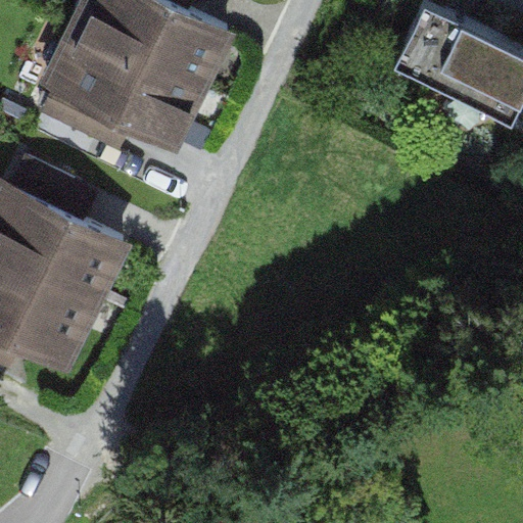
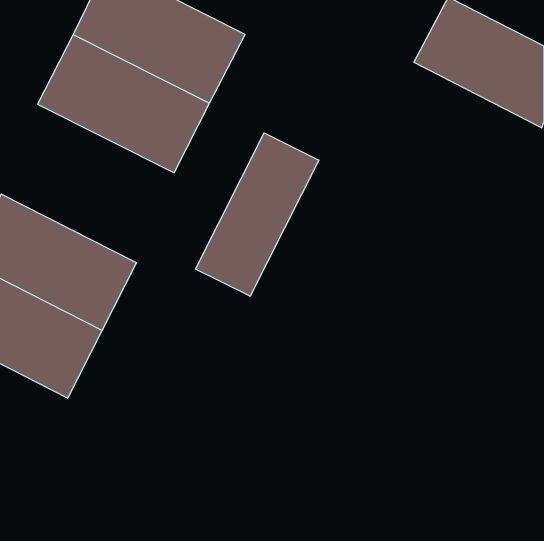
building: none -> [195,133,319,296]

